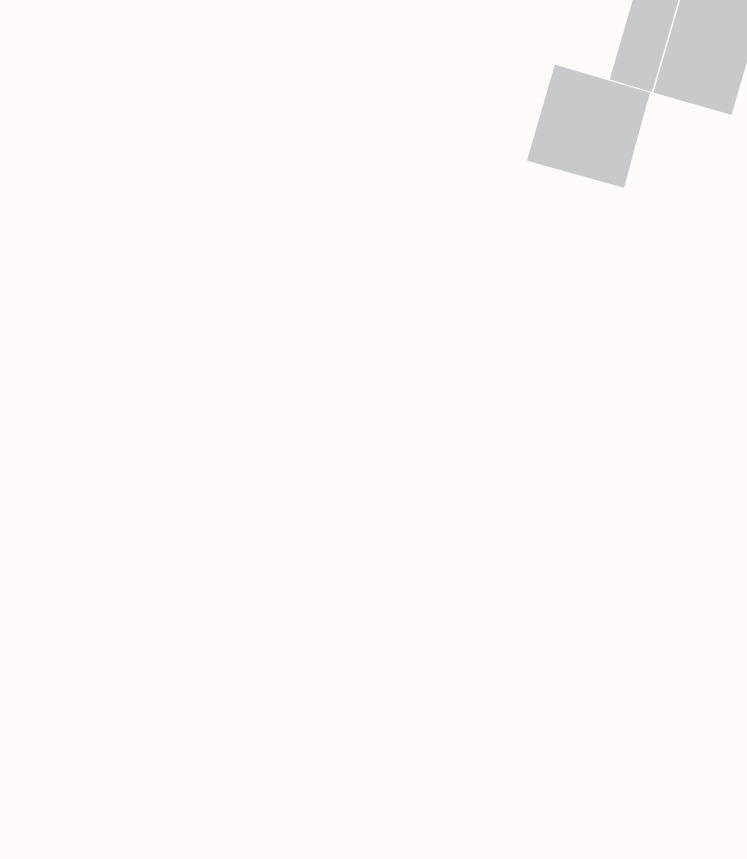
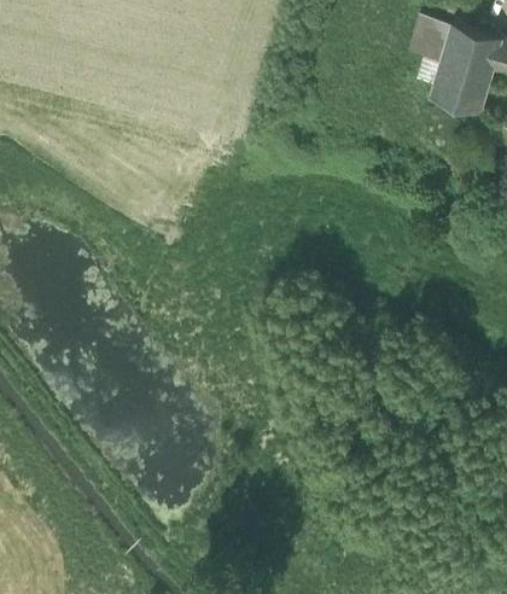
building: [526,64,651,188] -> none

